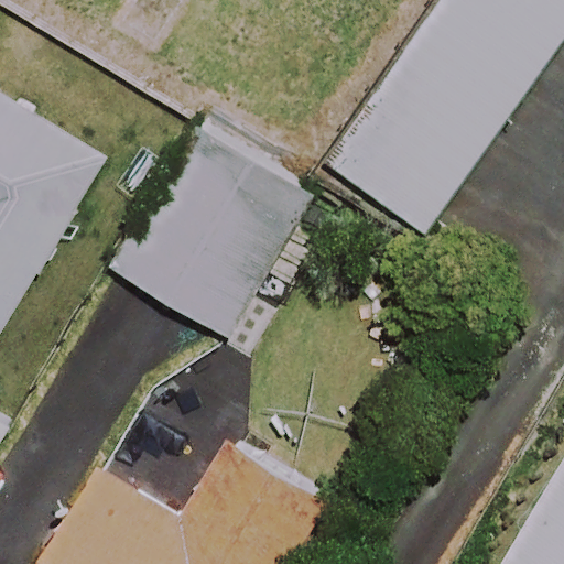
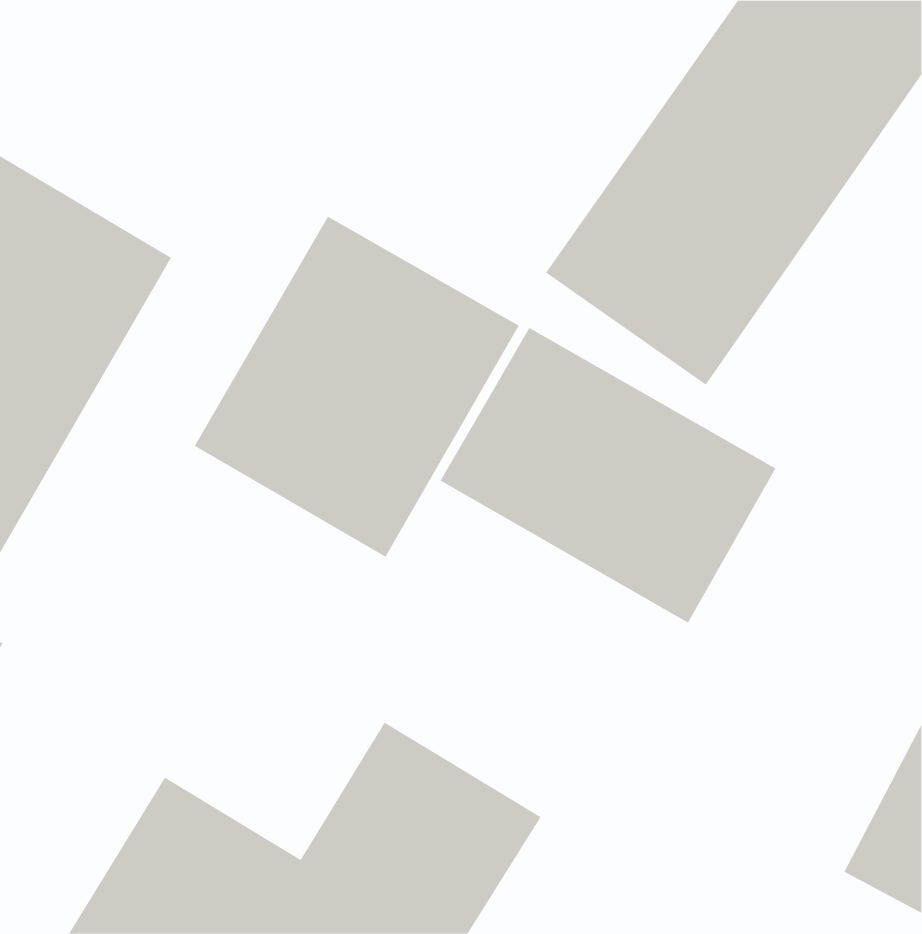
building: none -> [440,327,776,624]

